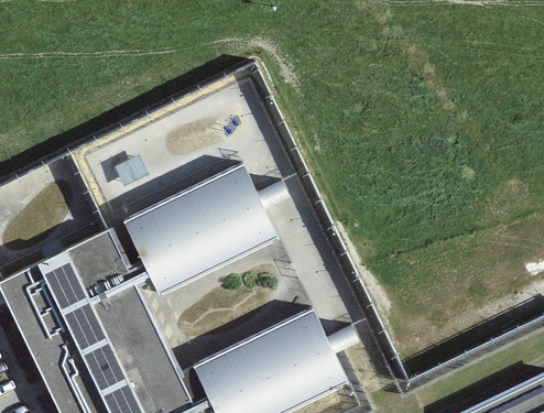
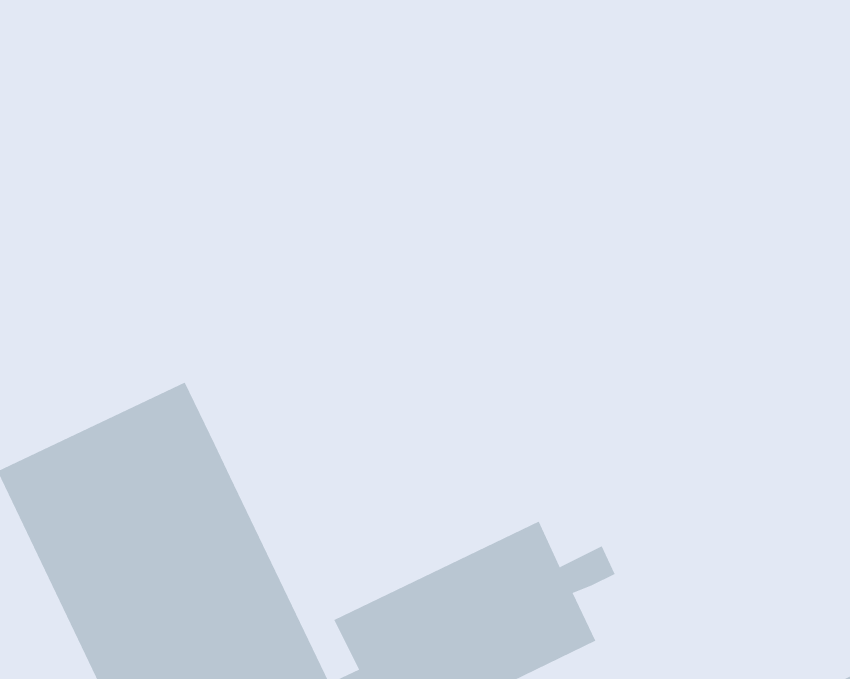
building: [124,167,287,293] -> none

